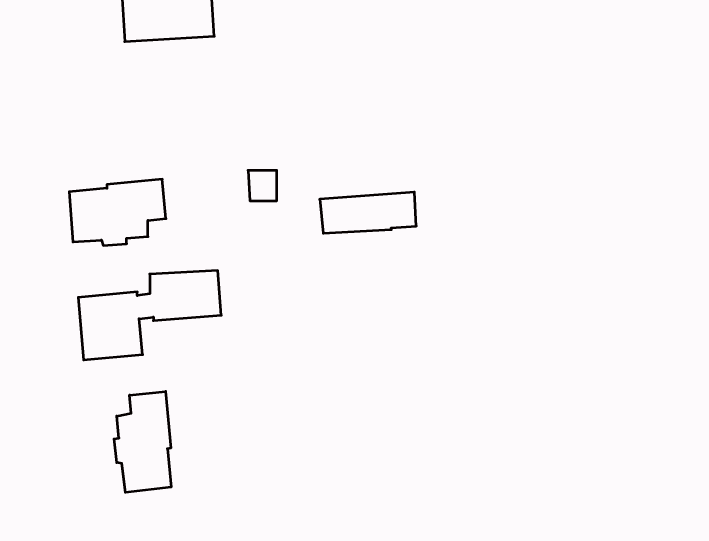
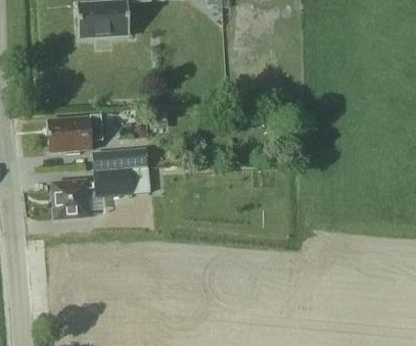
building: [320,192,416,233] -> [92,146,147,169]
building: [114,391,171,492] -> none

